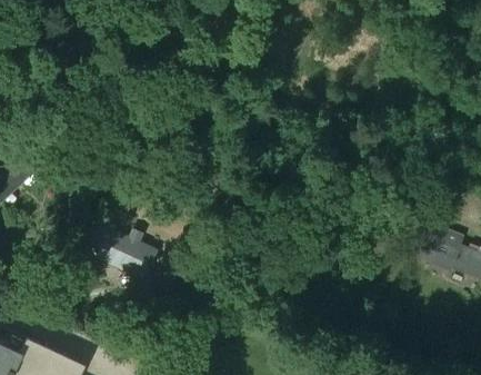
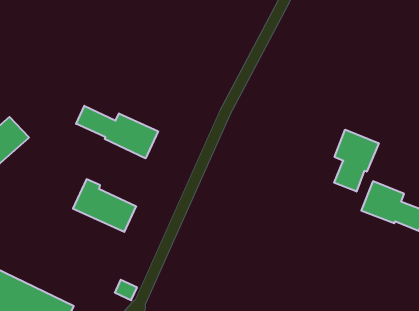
building: none -> [76,106,158,158]
building: none -> [334,130,379,192]

